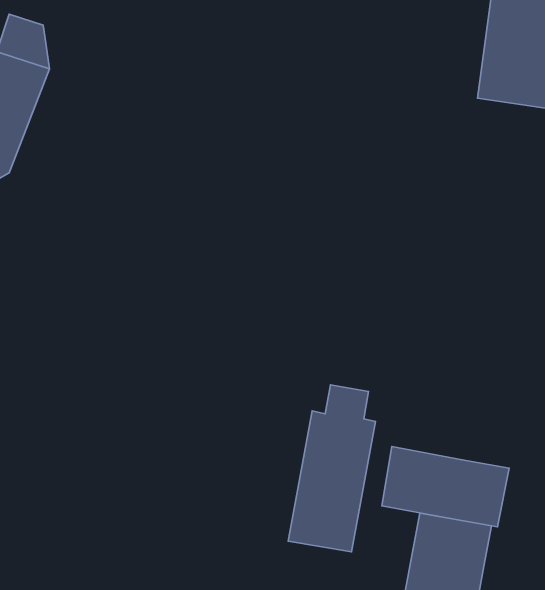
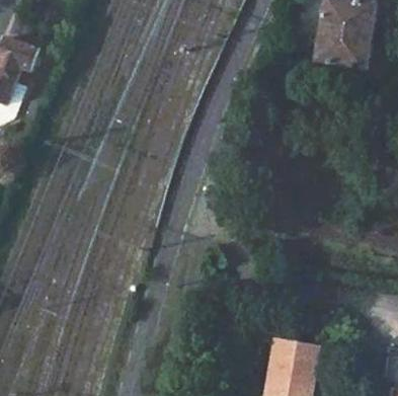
building: [288,385,375,552] -> none
building: [382,446,509,527] -> none

